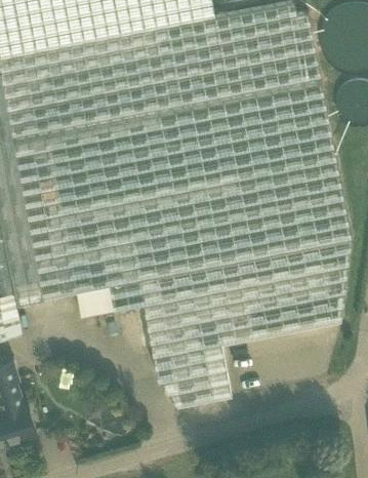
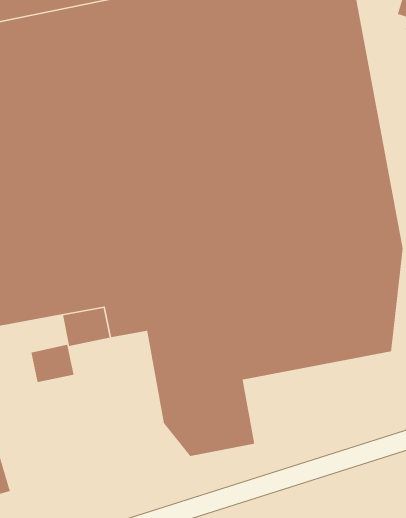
building: none -> [31,344,74,383]

